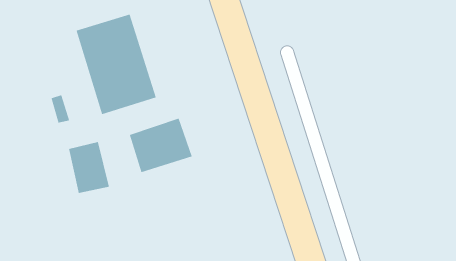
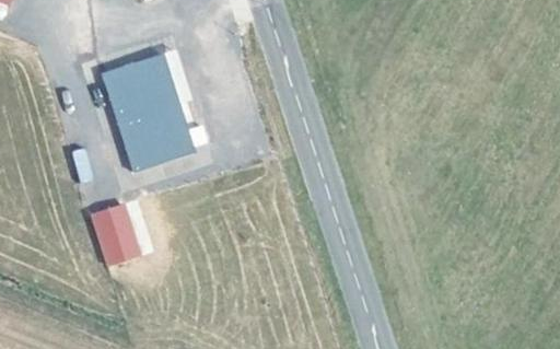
building: [129,118,193,173] -> none

